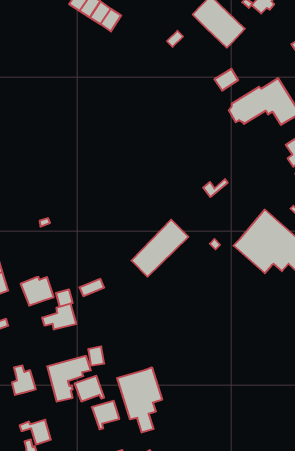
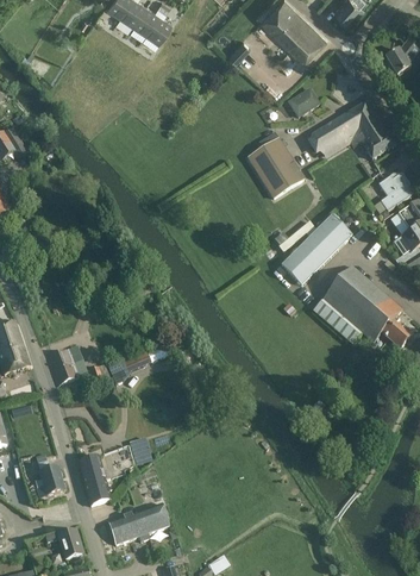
building: none -> [246,130,305,198]
building: [131,220,188,277] -> [281,213,352,284]
building: [42,303,76,330] -> none
building: [117,367,162,433] -> none
building: [75,376,104,401] -> [107,512,144,544]

